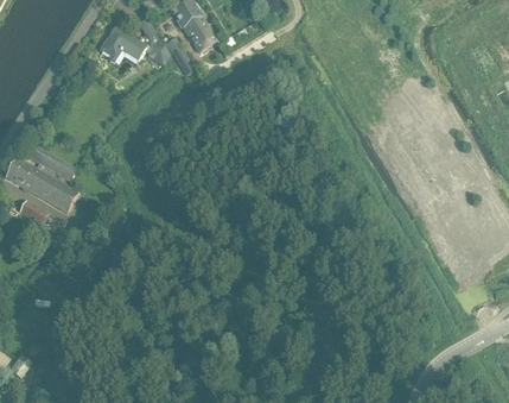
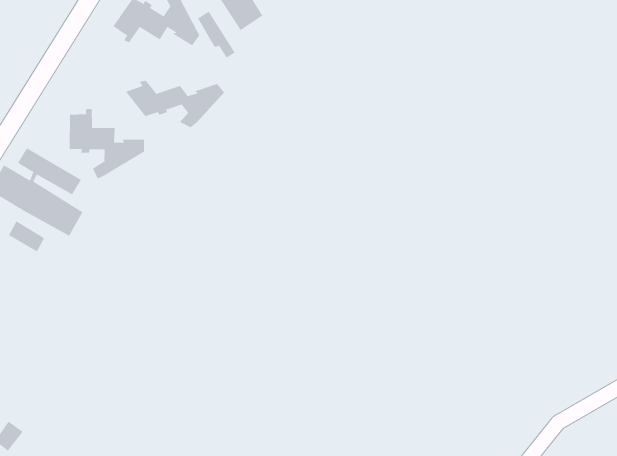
building: none -> [125,80,225,128]
building: none -> [69,108,145,179]

